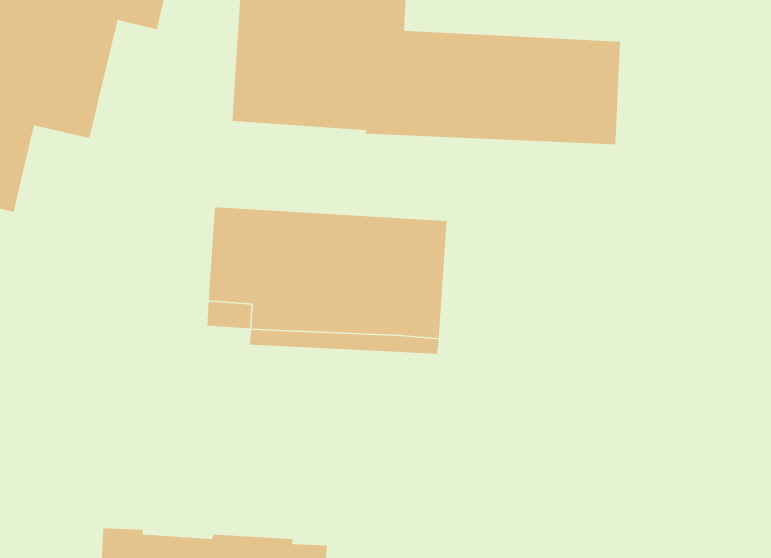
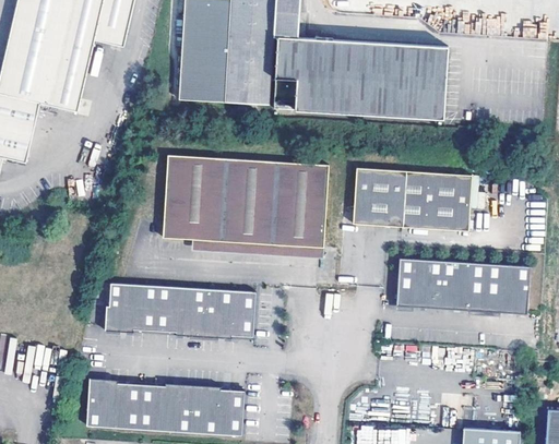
building: none -> [350,166,471,228]
building: none -> [394,256,528,313]
building: none -> [104,284,254,339]

